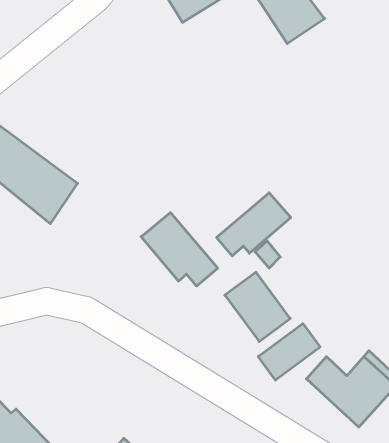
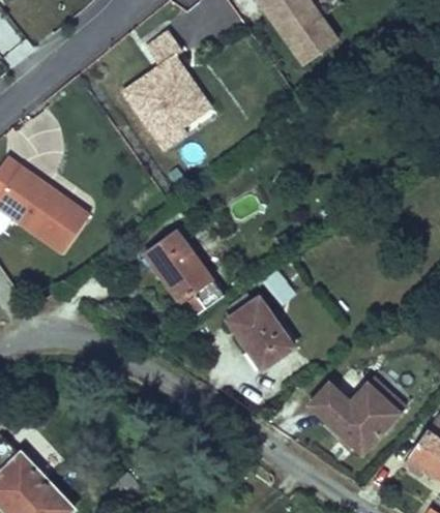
building: none -> [113,29,209,148]
building: [217,193,291,256] -> none
building: [258,324,320,380] -> none

